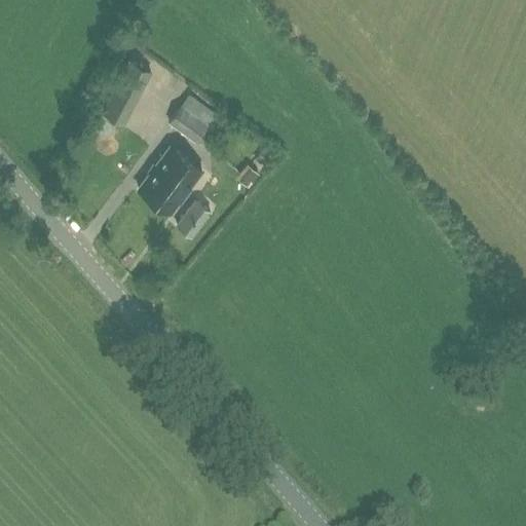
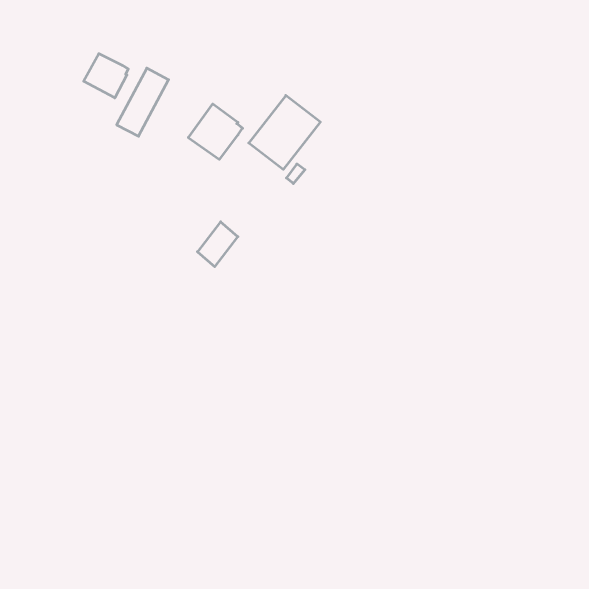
building: none -> [84,54,128,98]
building: [138,147,201,213] -> [249,95,320,169]

